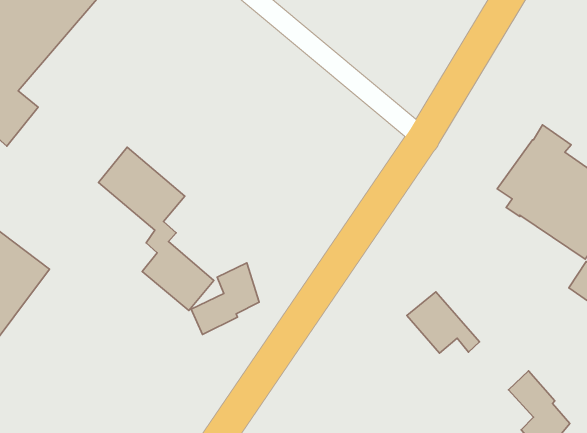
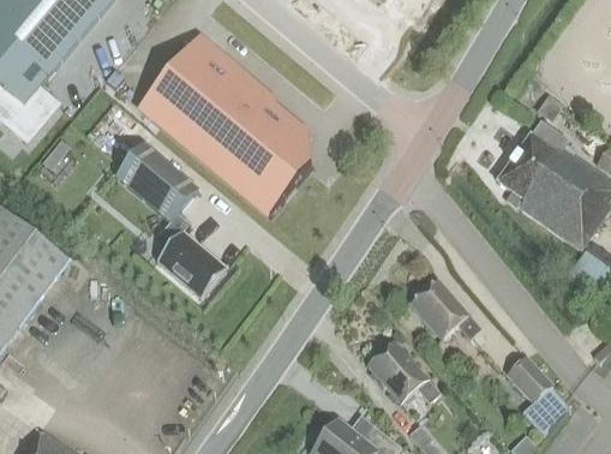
building: none -> [140,41,311,216]
building: [191,263,259,334] -> none
building: none -> [369,341,441,402]

